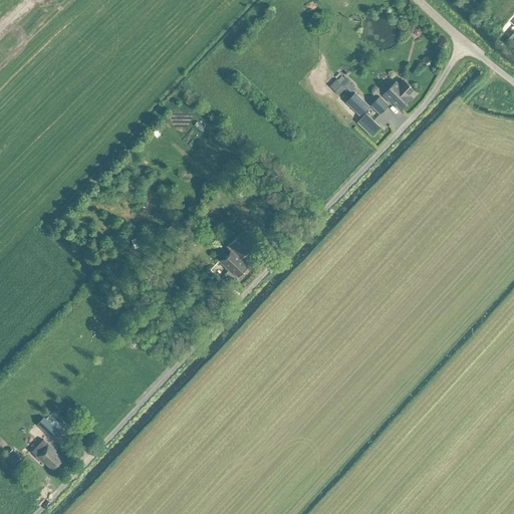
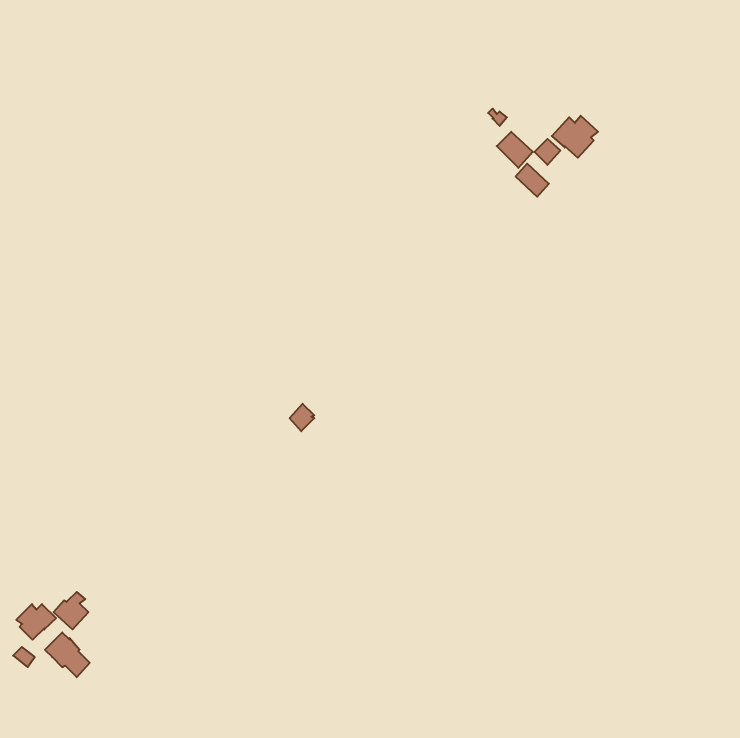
building: [218,232,254,278] -> none
building: none -> [16,604,56,640]

